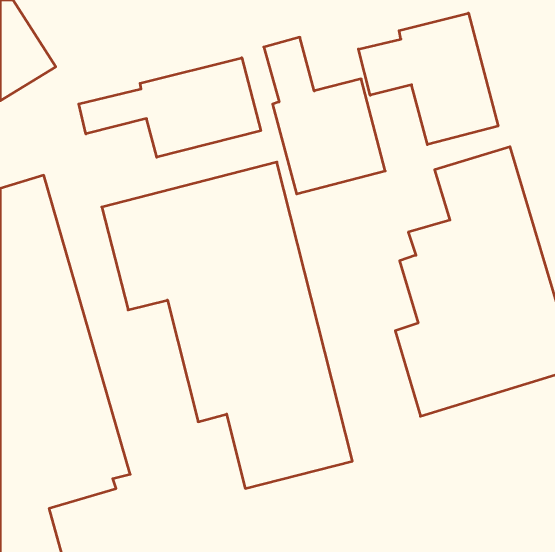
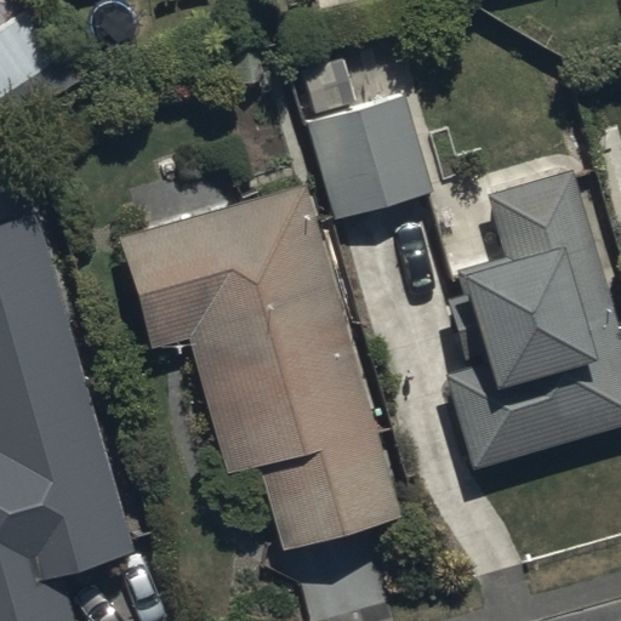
building: [358,13,498,145] -> none
building: [79,58,261,157] -> none

